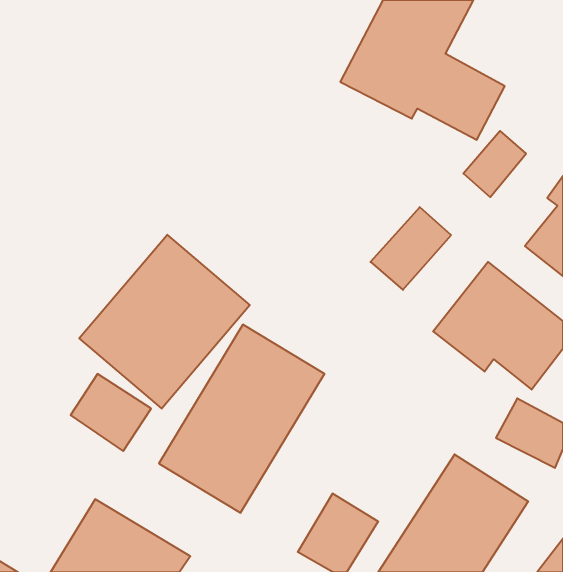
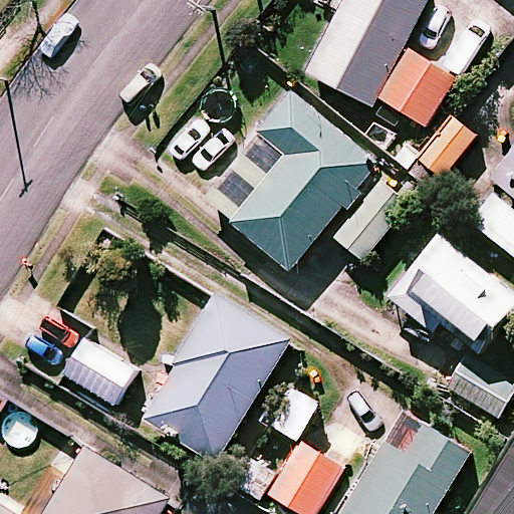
building: none -> [203,90,379,269]
building: [79,235,250,409] -> none

